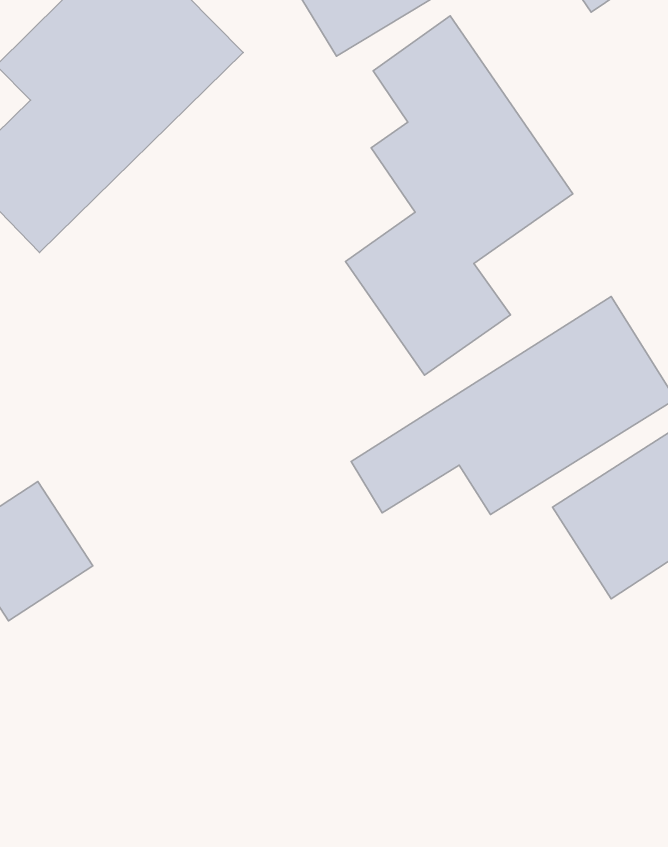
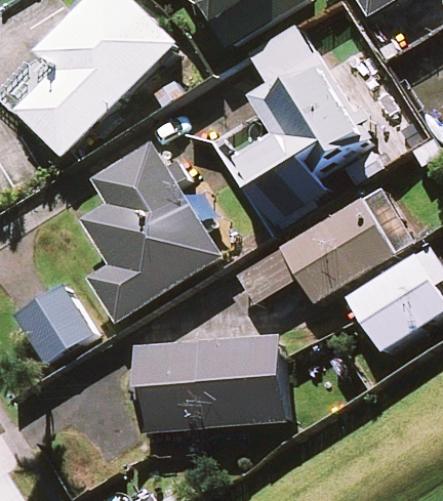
building: none -> [80,144,219,321]
building: none -> [133,335,283,431]

